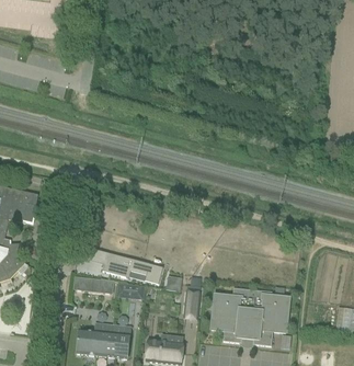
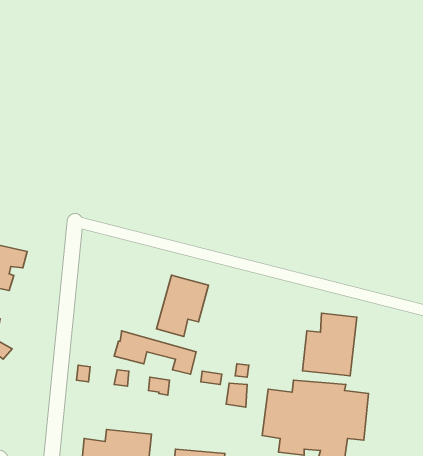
building: none -> [156,275,209,337]
building: none -> [303,313,357,376]

